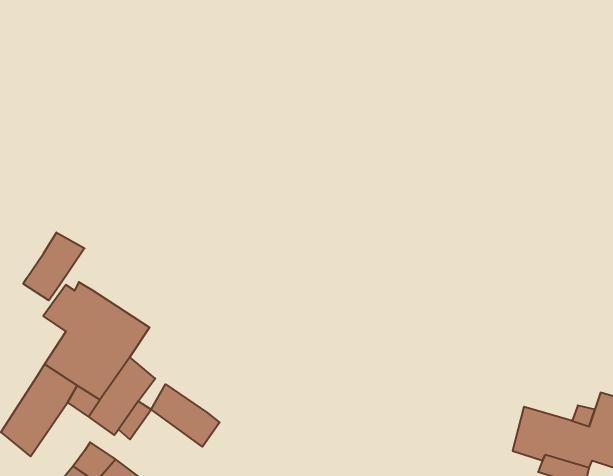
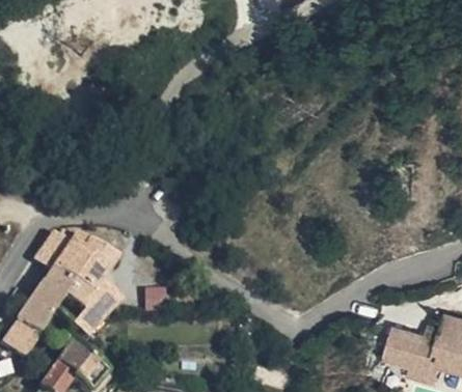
building: [23,232,85,300] -> none
building: [151,384,220,447] -> none

